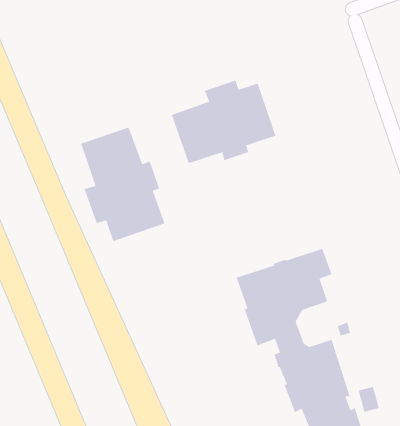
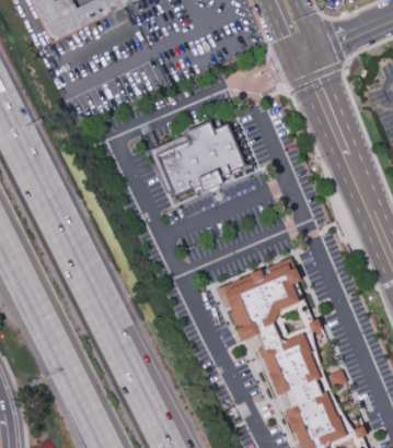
building: [80,127,166,242] -> none

